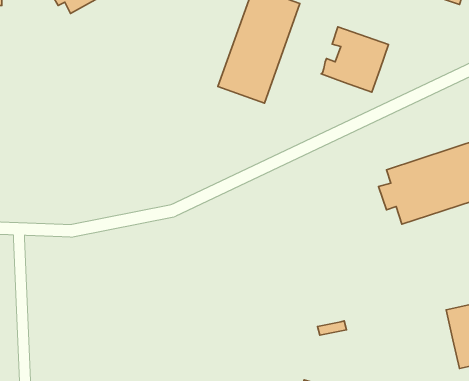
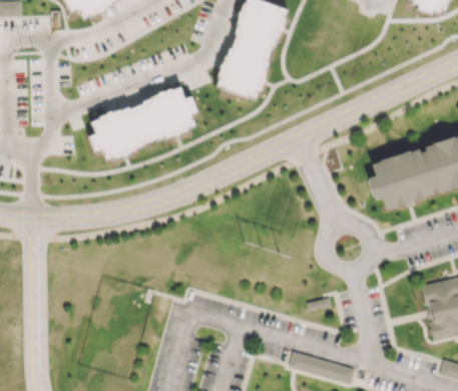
building: [321,27,389,92] -> none
building: none -> [95,89,202,154]

